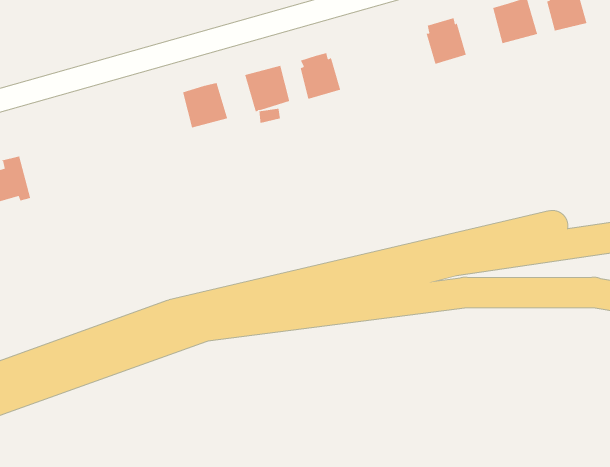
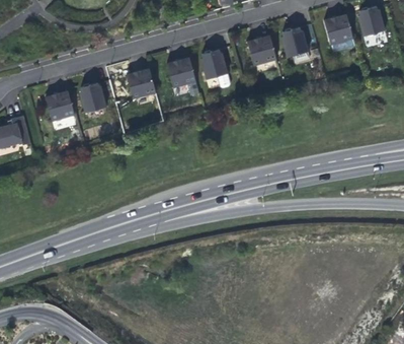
building: none -> [247,36,276,66]
building: none -> [80,83,106,113]
building: none -> [46,91,75,121]

